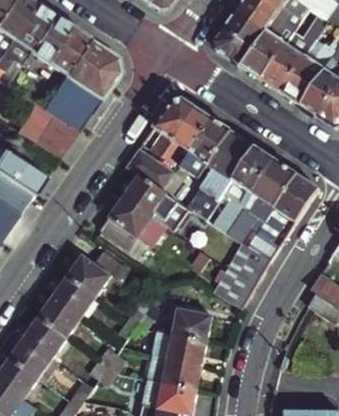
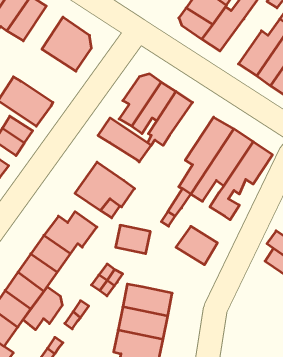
building: [45,25,88,75] -> none
building: [260,26,318,88] -> none
building: [42,89,90,131] -> none
building: [189,131,253,217] -> none
building: [125,175,169,216] -> none
building: [228,241,271,284] -> none
building: [175,308,213,340] -> [116,225,150,254]
building: none -> [23,287,62,330]

